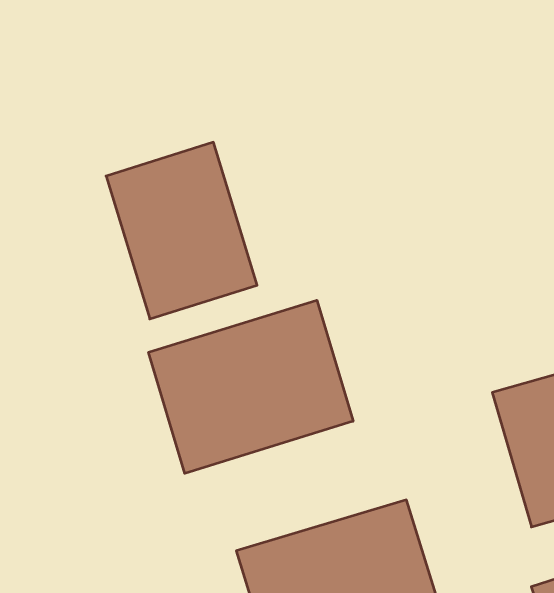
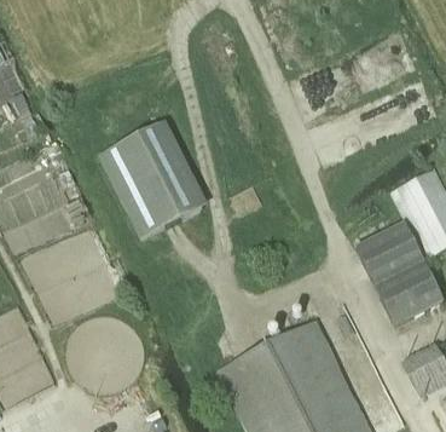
building: [149,300,353,473] -> none

